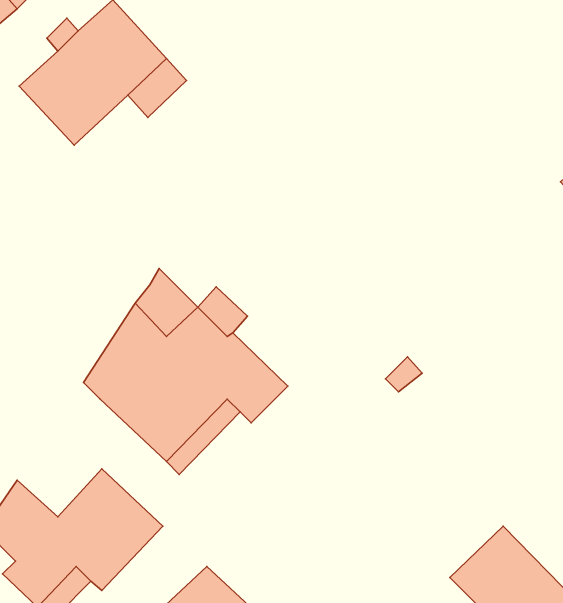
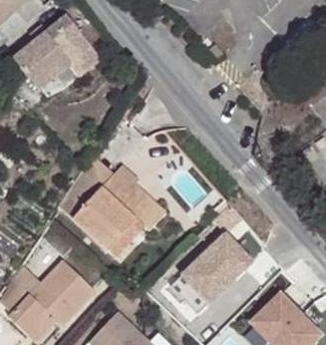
building: none -> [168,231,253,312]

